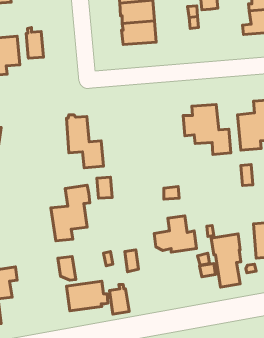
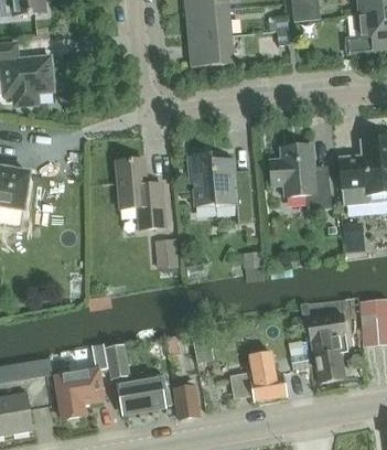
building: [26,27,43,58] -> none
building: none -> [187,153,255,223]
building: [51,185,90,241] -> [54,344,105,417]
building: [154,216,197,252] -> [230,352,286,399]

